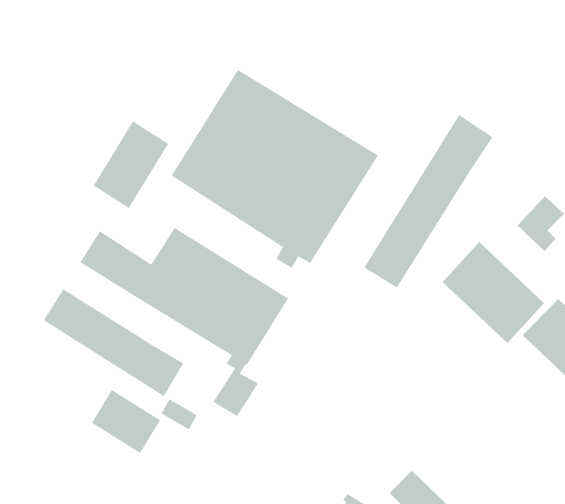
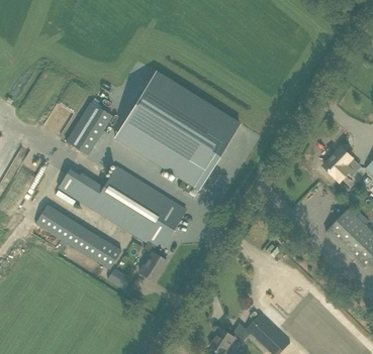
building: [363,114,493,288] -> none
building: [442,241,545,344] -> none
building: [91,389,161,454] -> none

